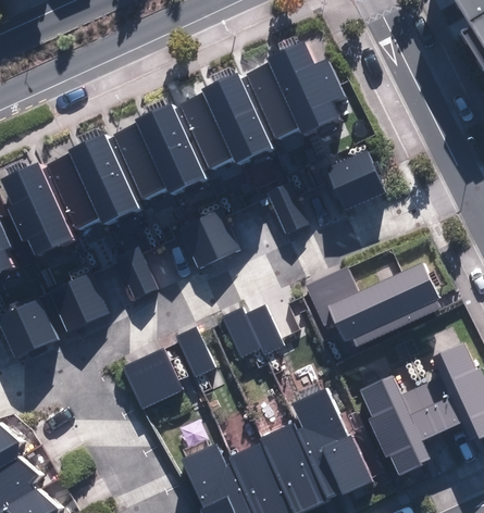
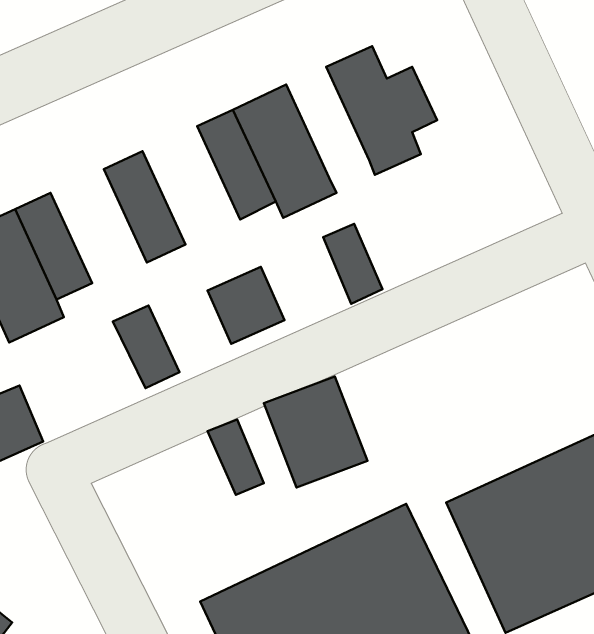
building: [237,63,298,145] -> none
building: [132,107,208,204] -> none
building: [64,138,140,235] -> none
building: [323,150,386,213] -> none
building: [303,265,436,358] -> none
building: [49,271,109,328] -> none
building: [122,342,184,404] -> none

